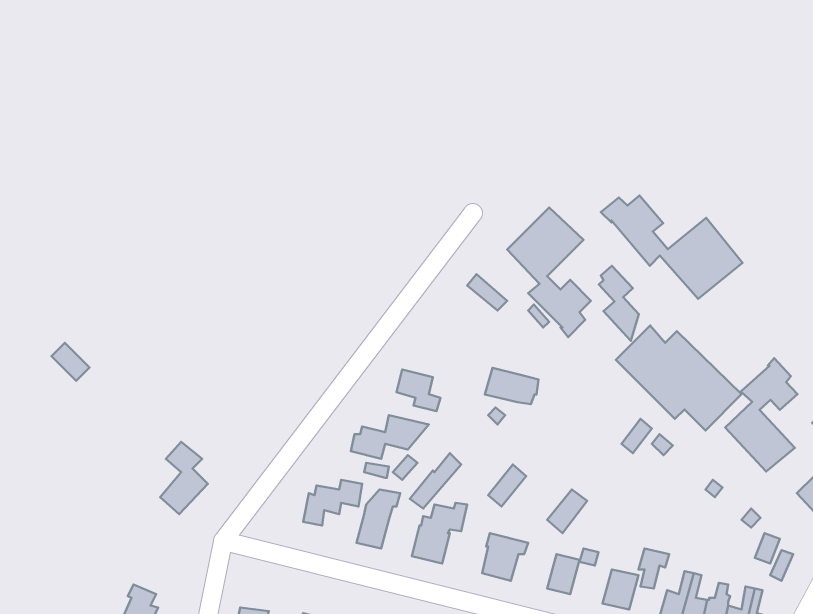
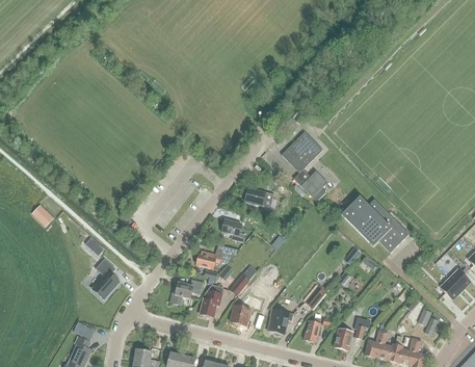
building: [601,196,743,299] -> none
building: [599,266,639,341] -> none
building: [725,358,797,471] -> none
building: [485,368,538,404] -> [244,186,273,206]

